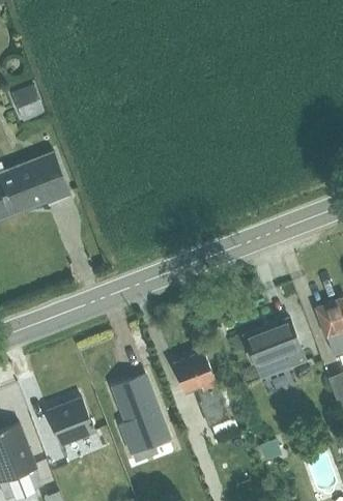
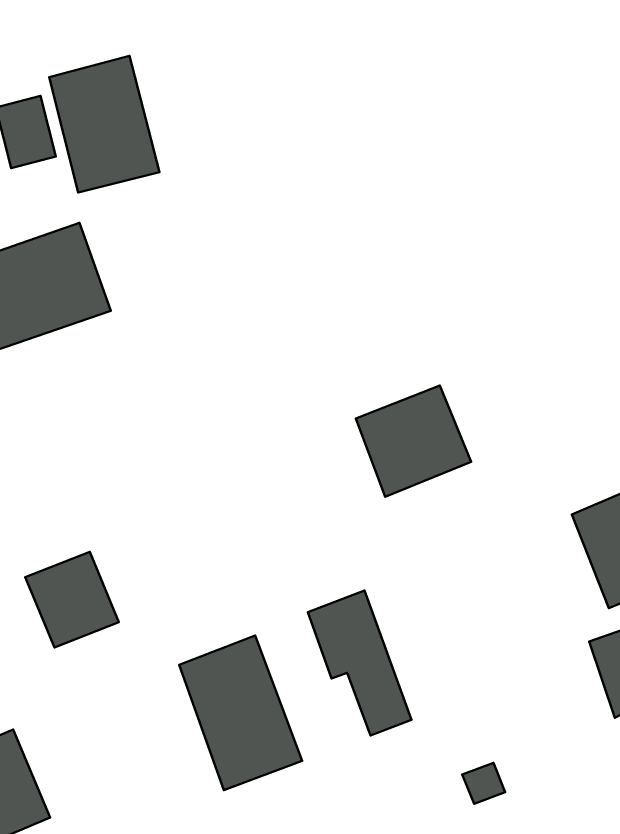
building: none -> [49,56,160,192]
building: [247,319,308,378] -> [356,385,471,497]
building: [48,395,97,446] -> [25,552,119,648]

